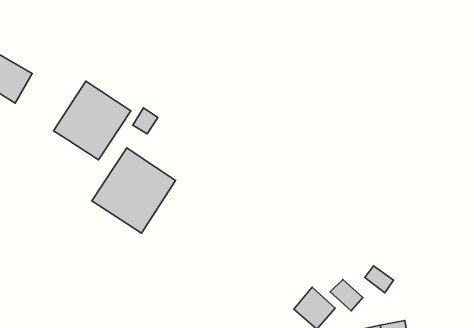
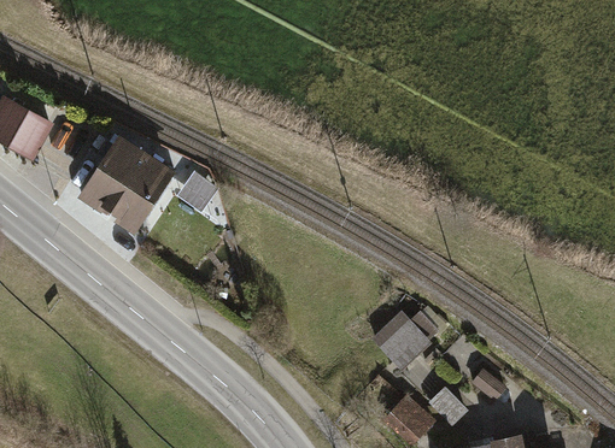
building: [92,148,175,233] -> none
building: none -> [370,310,440,369]

